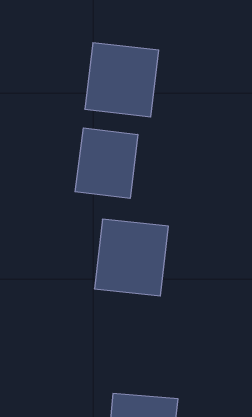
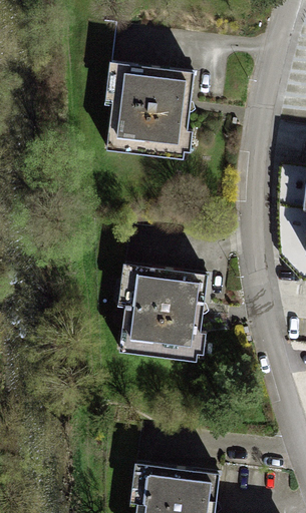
building: [75,128,138,198] -> none

